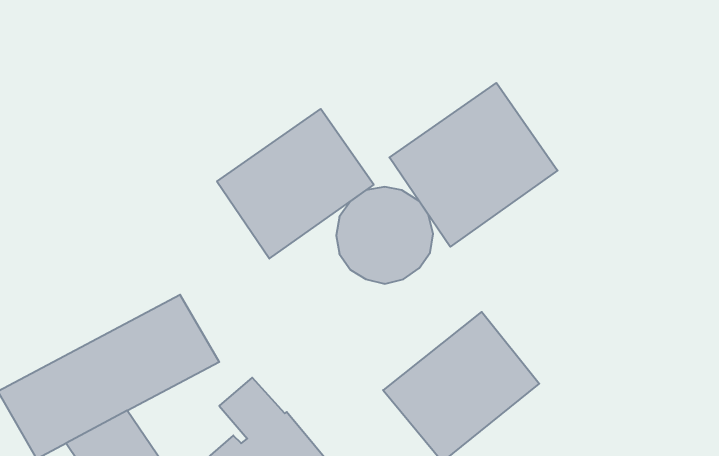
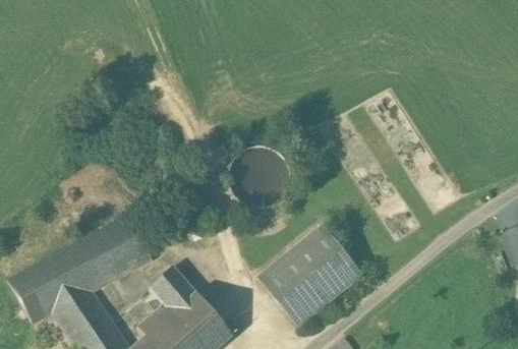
building: [389,83,558,247] -> none
building: [217,109,374,259] -> none

